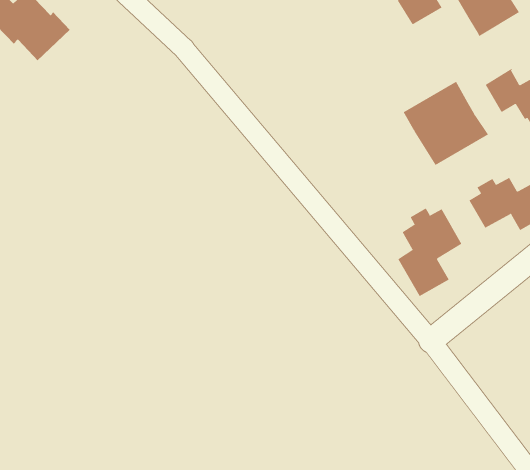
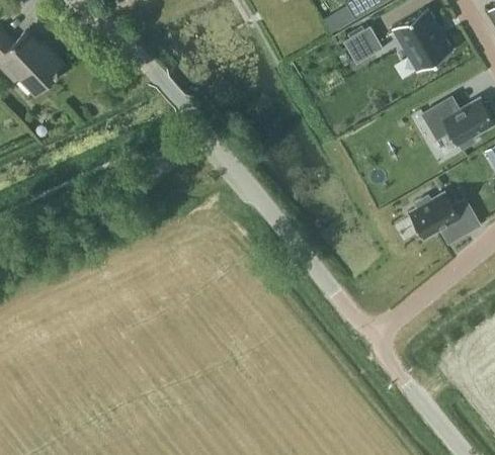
building: [403,81,489,166] -> none
building: [397,207,462,297] -> none

